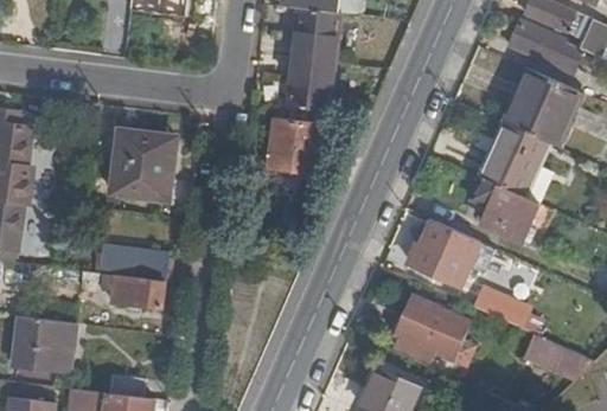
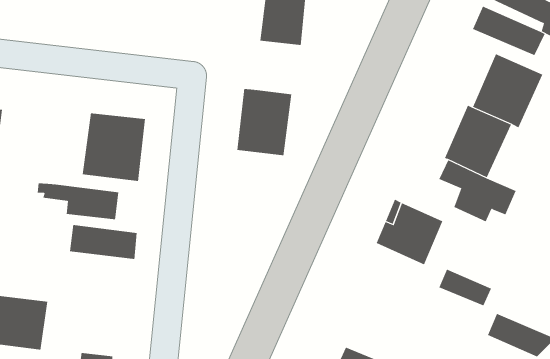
building: [287,57,334,111] -> none
building: [81,270,165,308] -> [37,183,119,220]
building: [394,294,459,362] -> none

